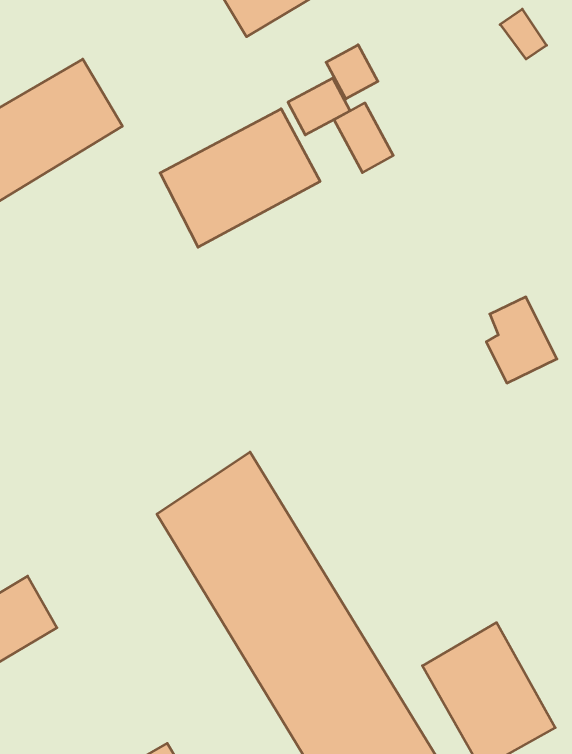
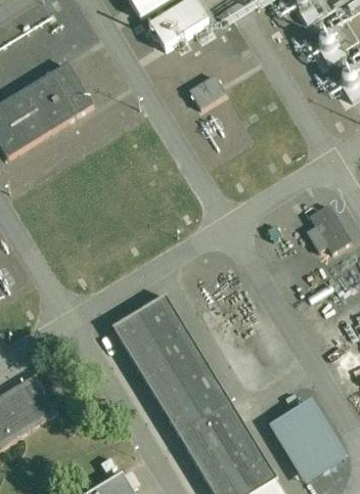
building: [326,45,378,99] -> none
building: [334,103,393,173] -> none
building: [160,109,320,247] -> none

